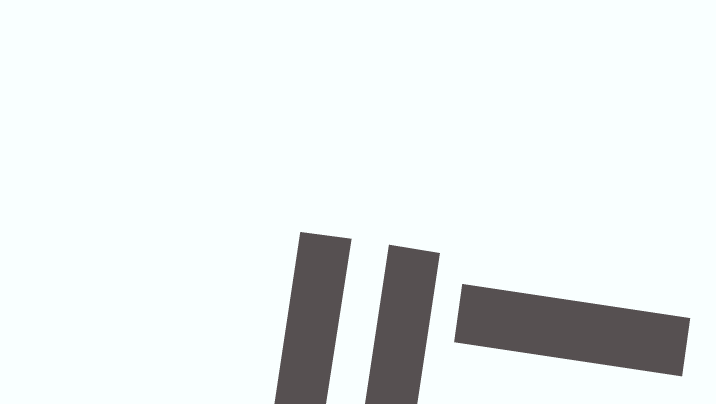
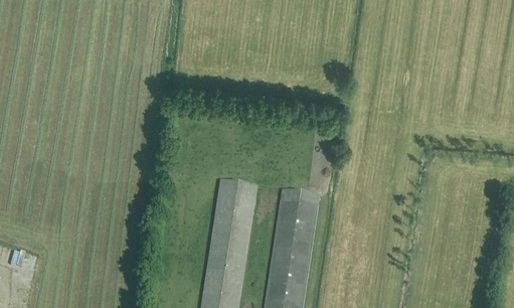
building: [453,283,691,377] -> none

